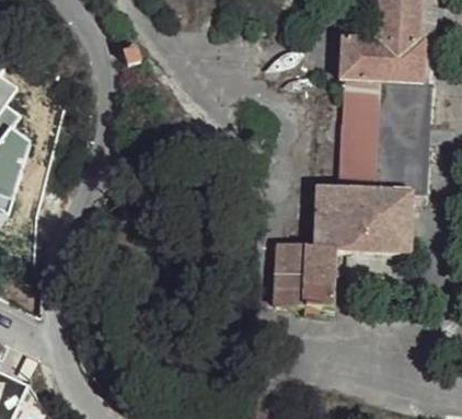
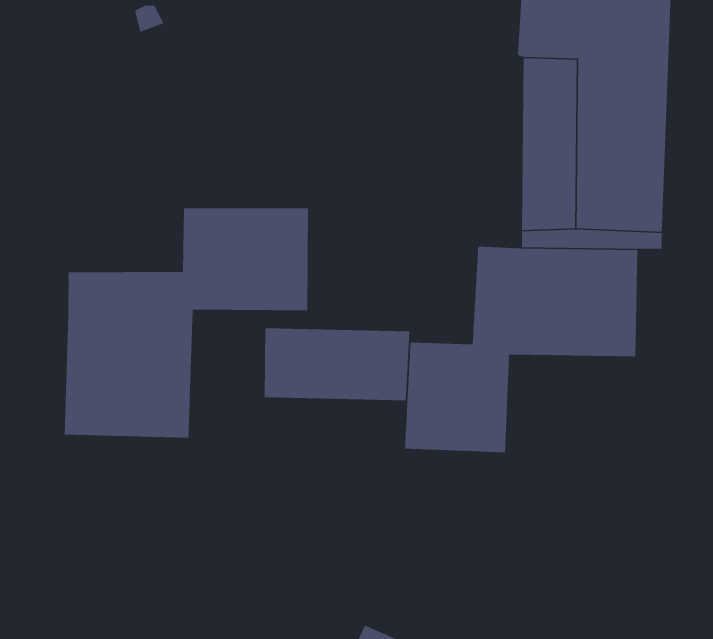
building: none -> [64,208,309,439]
building: none -> [264,327,410,401]

